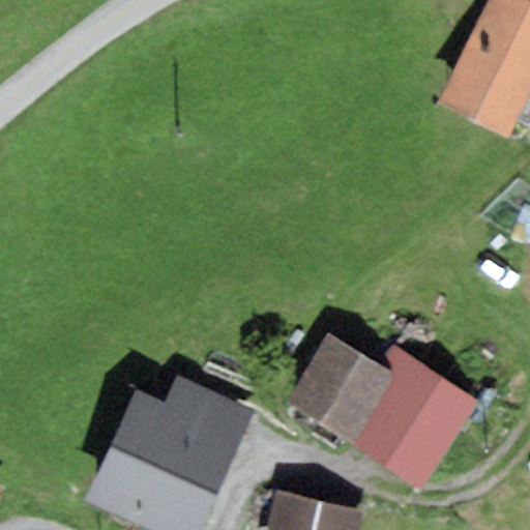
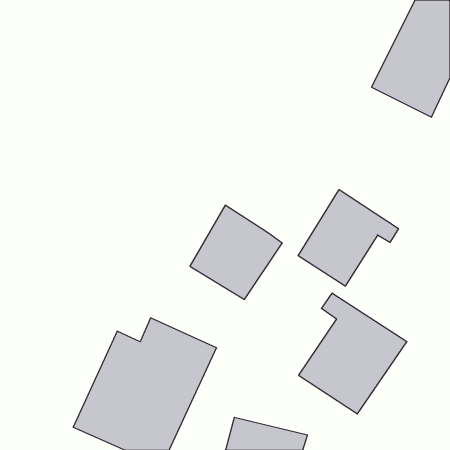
building: none -> [298,190,398,286]
building: [287,330,395,441] -> [190,205,282,299]

